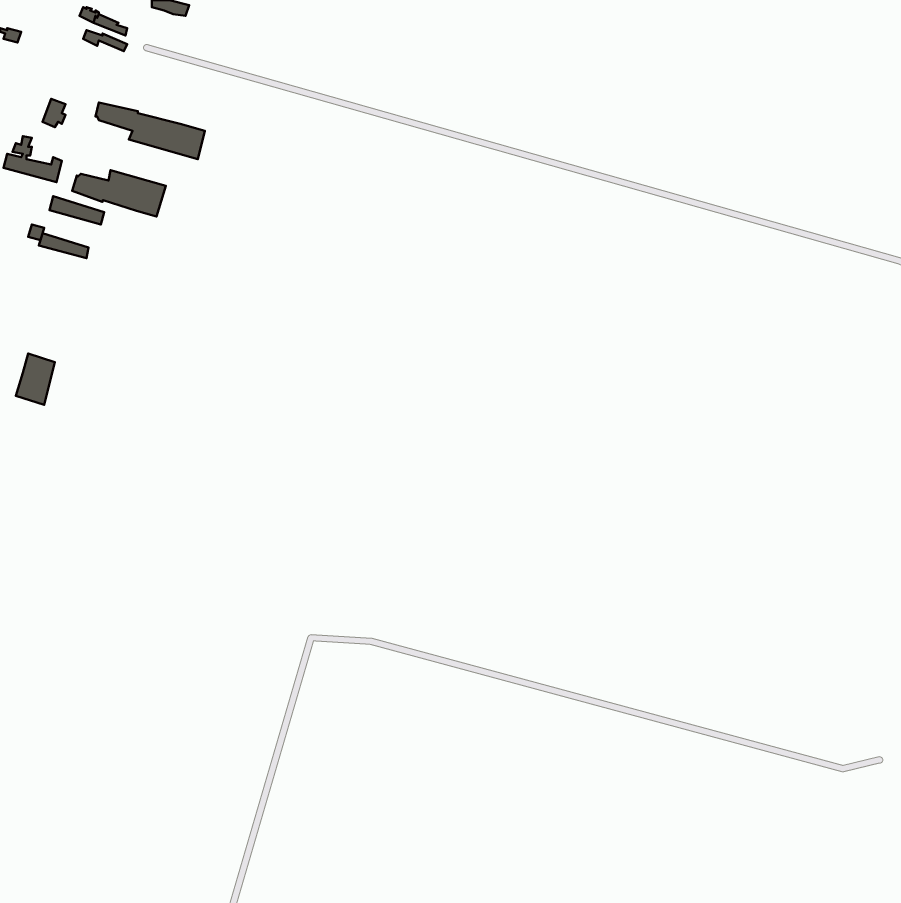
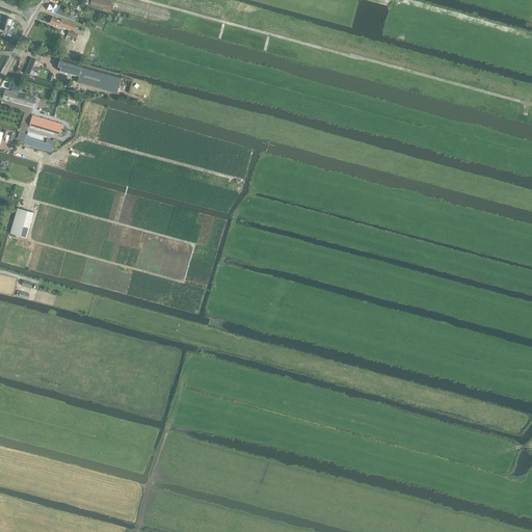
building: [72,170,166,216] -> none

